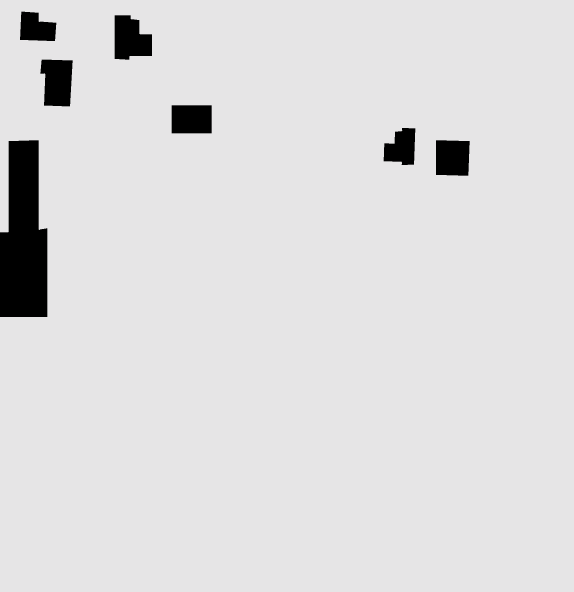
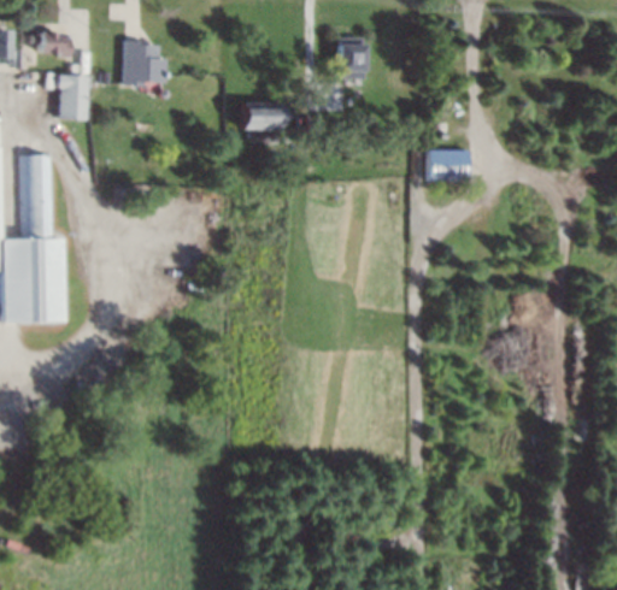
building: none -> [339,40,365,78]
building: [171,105,212,134] -> [242,100,282,128]
building: [383,127,416,166] -> none

